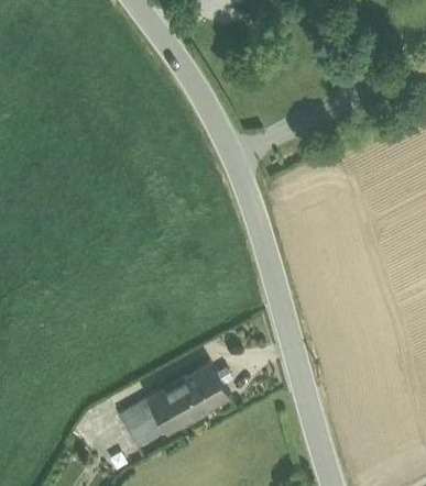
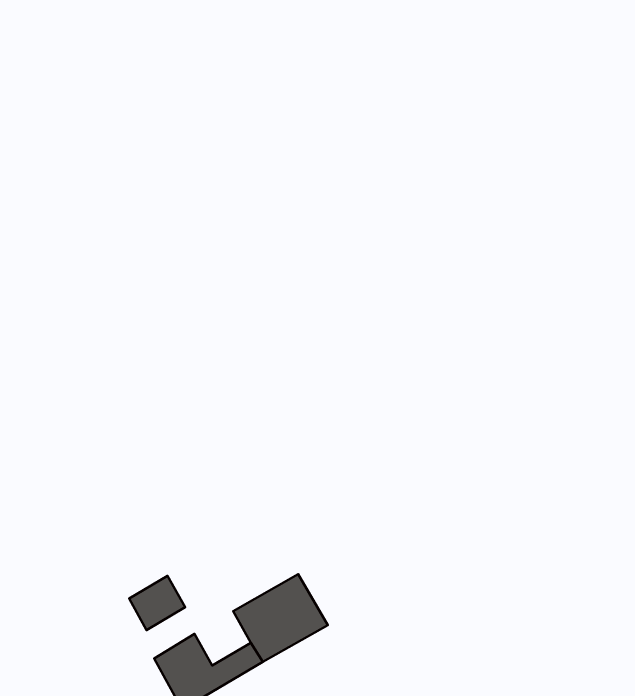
building: [145,386,181,420] -> [129,576,185,630]

